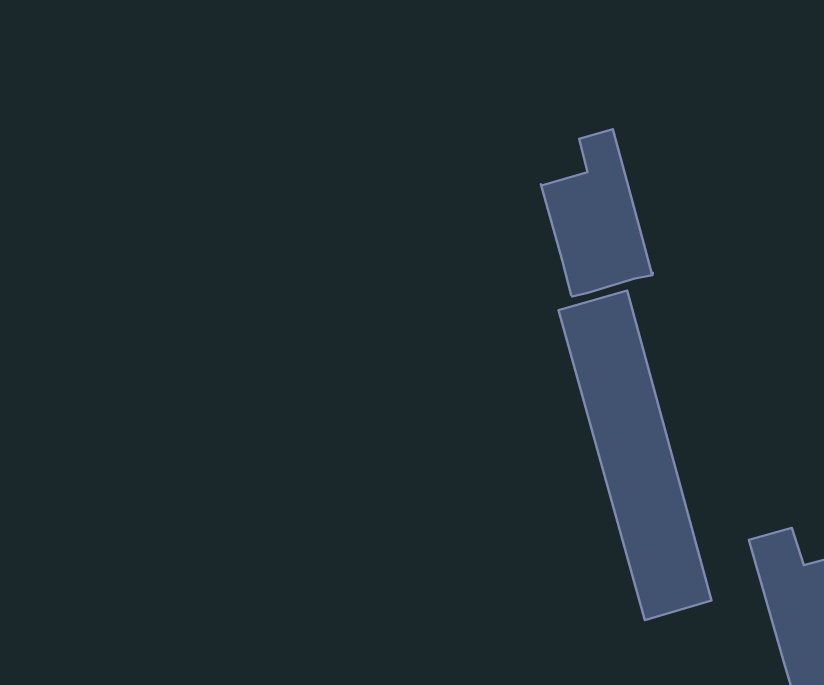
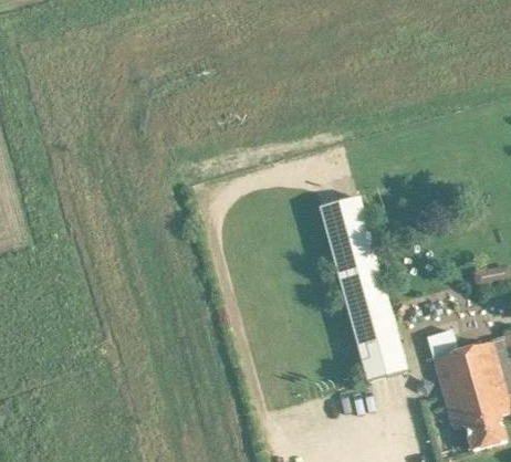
building: [541,129,653,297] -> none

